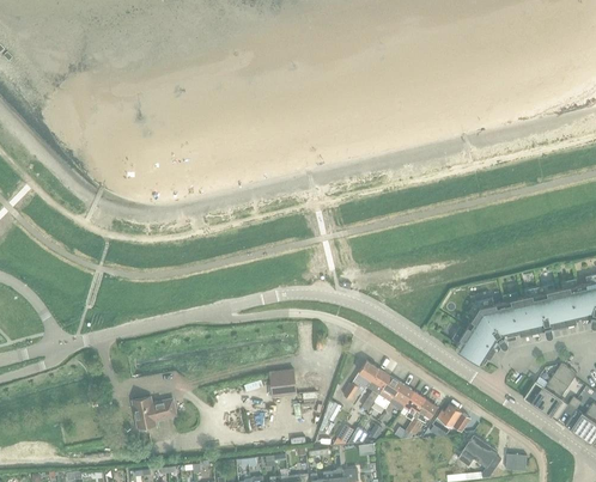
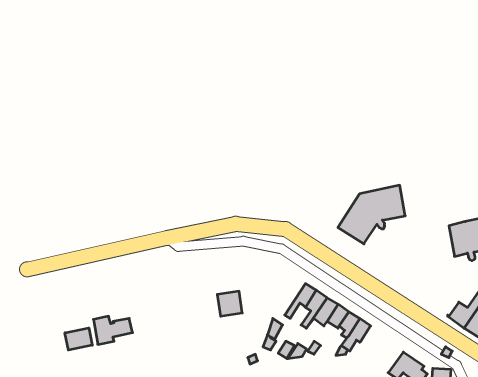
building: [456,297,530,361] -> [338,185,405,244]
building: [432,403,469,433] -> none
building: none -> [65,328,92,350]

